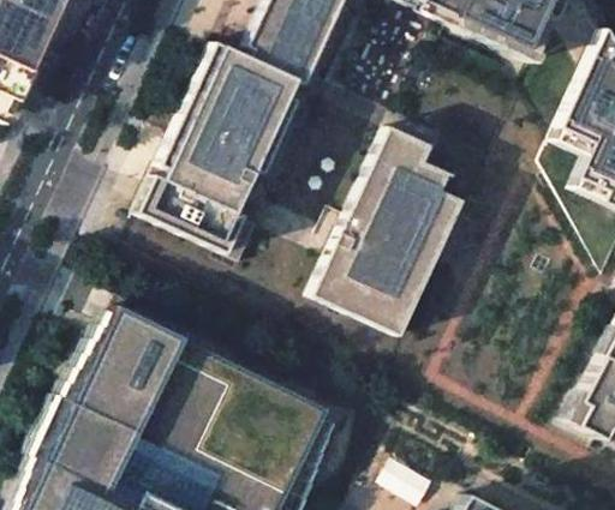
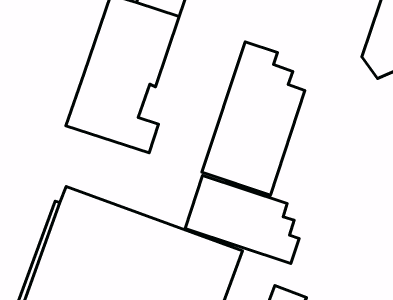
building: none -> [185,175,299,264]

